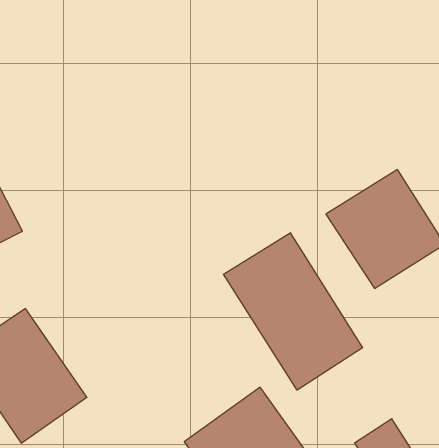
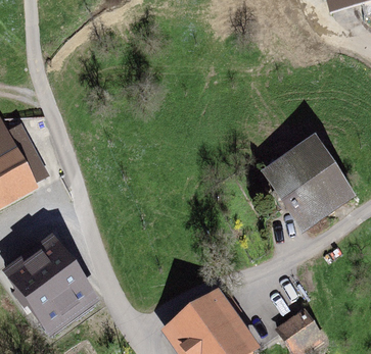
building: [224,233,362,390] -> none

